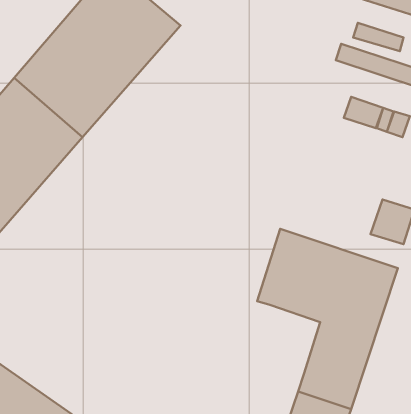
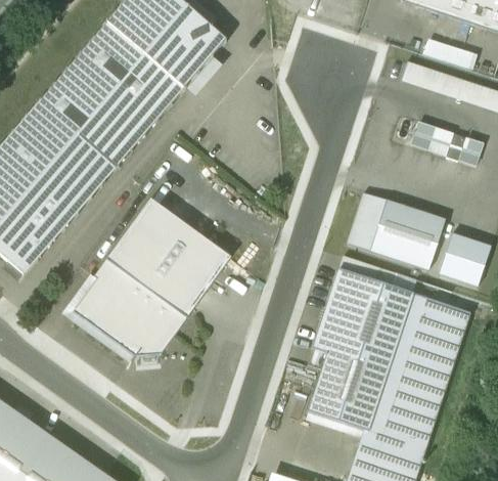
building: none -> [347,191,446,269]
building: none -> [73,198,231,356]
building: none -> [308,352,383,430]

